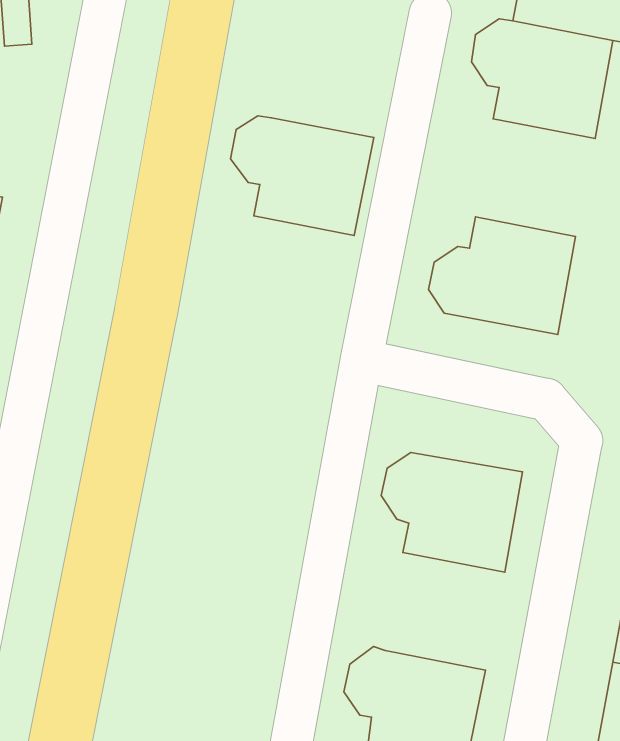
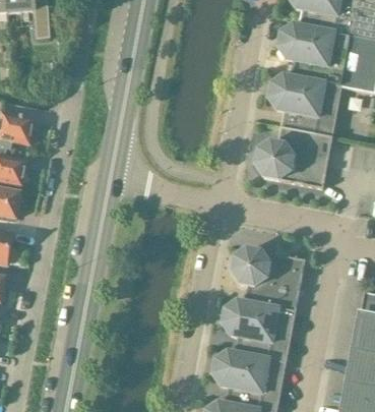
building: [230,116,374,235] -> [266,75,340,137]
building: none -> [221,300,294,362]

